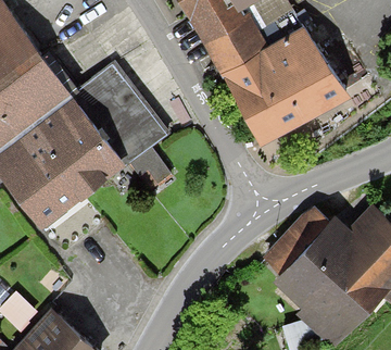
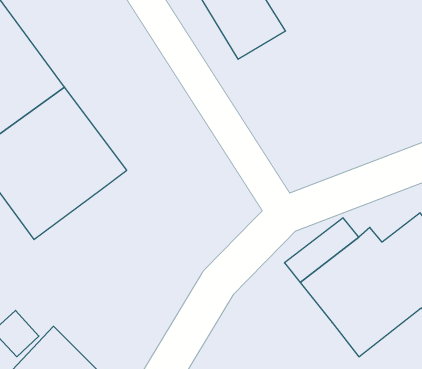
building: [220,22,344,141] -> none
building: [66,63,164,191] -> none

